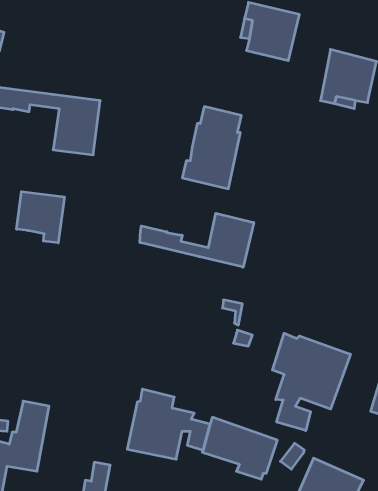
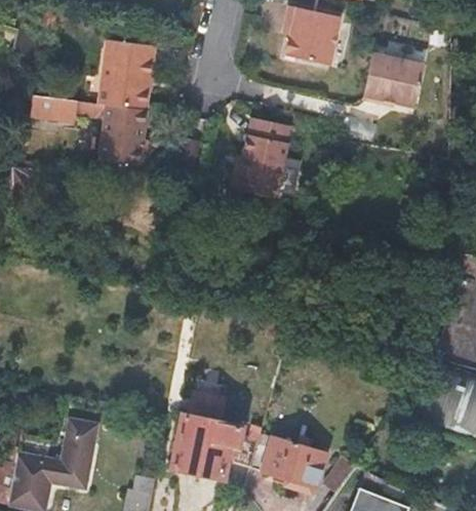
building: none -> [97,40,153,109]
building: [17,192,64,243] -> none
building: [140,213,254,267] -> none
building: [272,333,350,431] -> none

